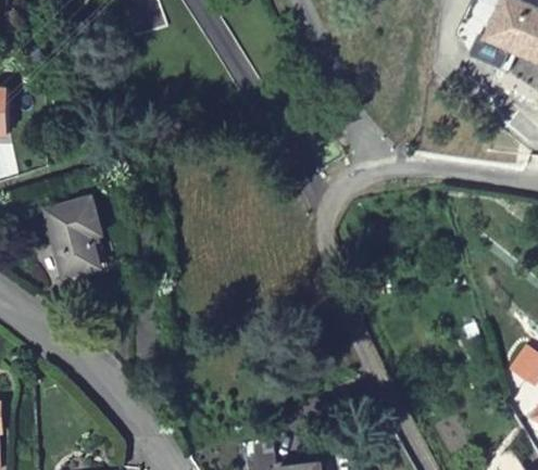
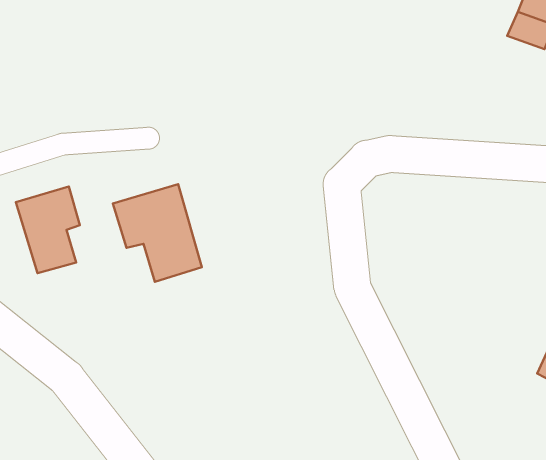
building: none -> [113,184,202,282]

